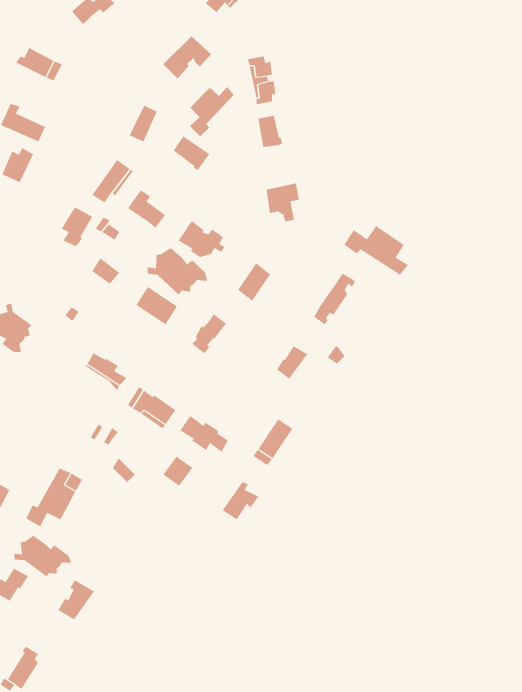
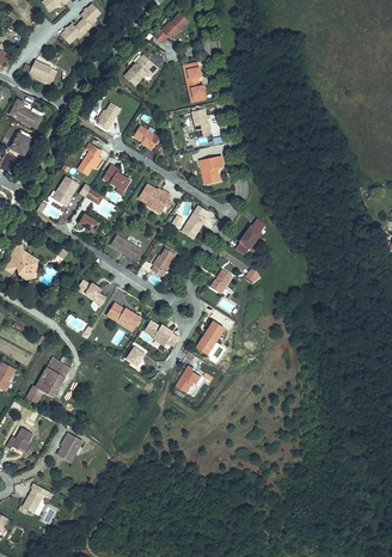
building: [189,86,234,137] -> none
building: [344,225,409,276] -> none
building: [147,247,208,295] -> none
building: [13,535,72,577] -> none

